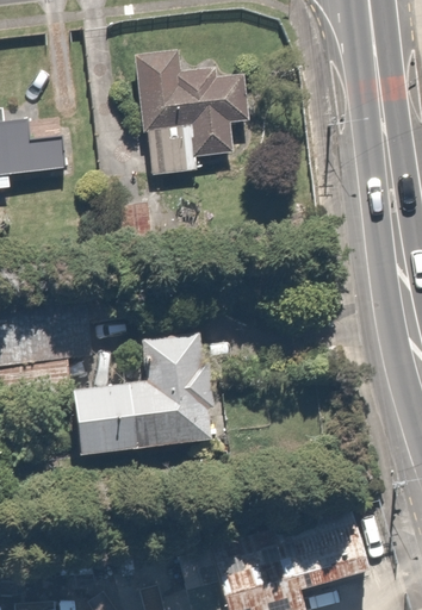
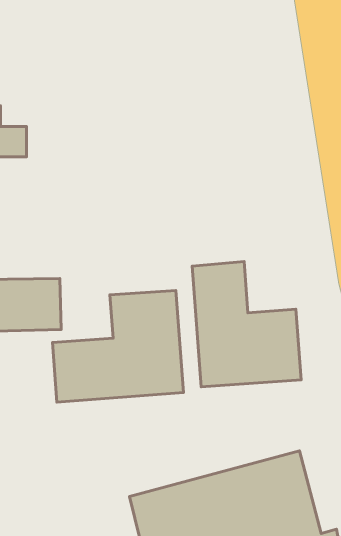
building: [136,56,246,179] -> none
building: none -> [192,262,301,387]

